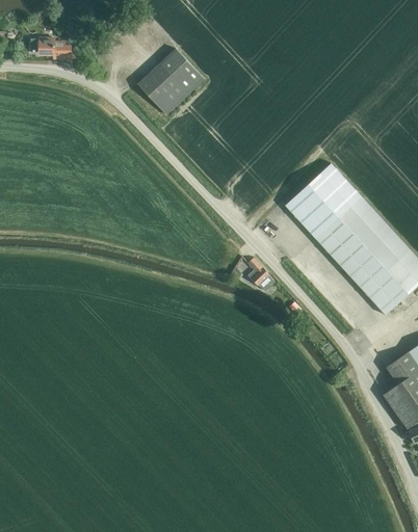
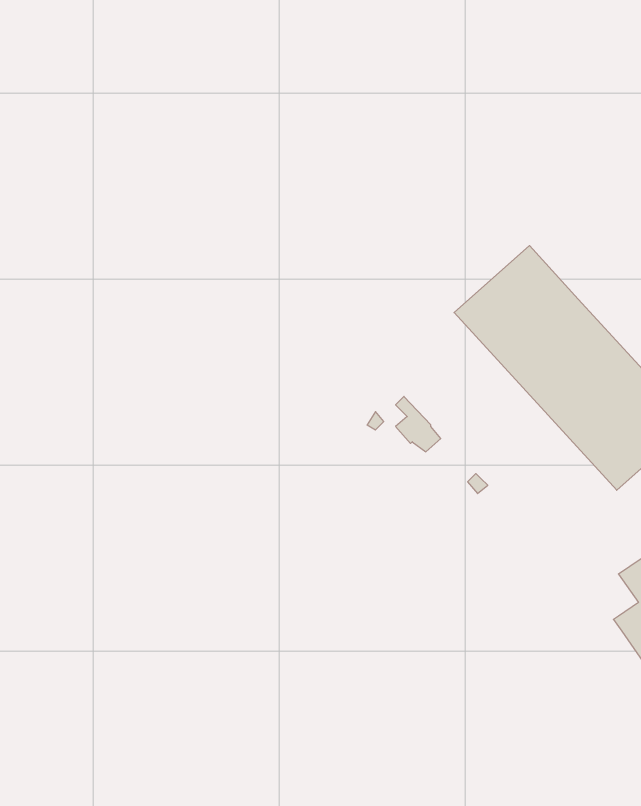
building: [31,38,75,59] -> none
building: [137,48,205,114] -> none

